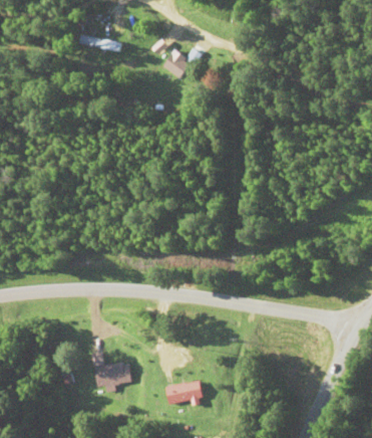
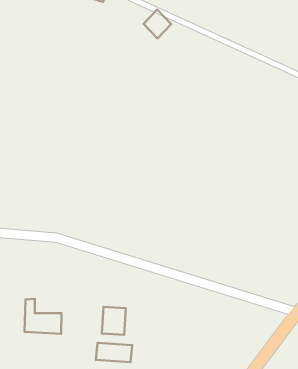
building: none -> [102,307,126,335]

